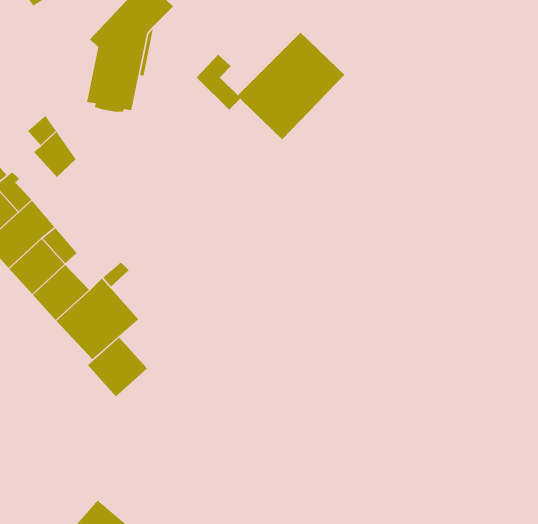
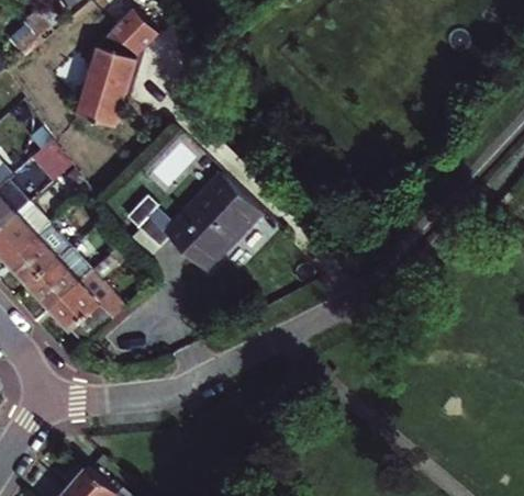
building: [196,32,345,140] -> [132,174,265,271]
building: [87,337,148,397] -> none

